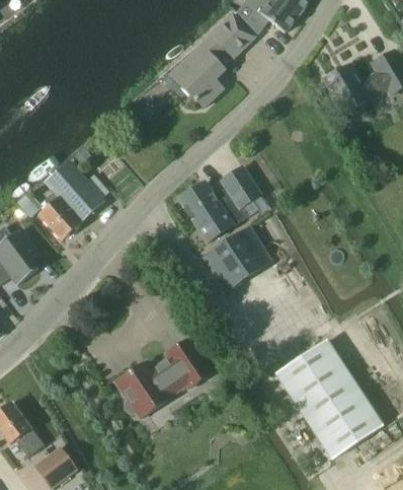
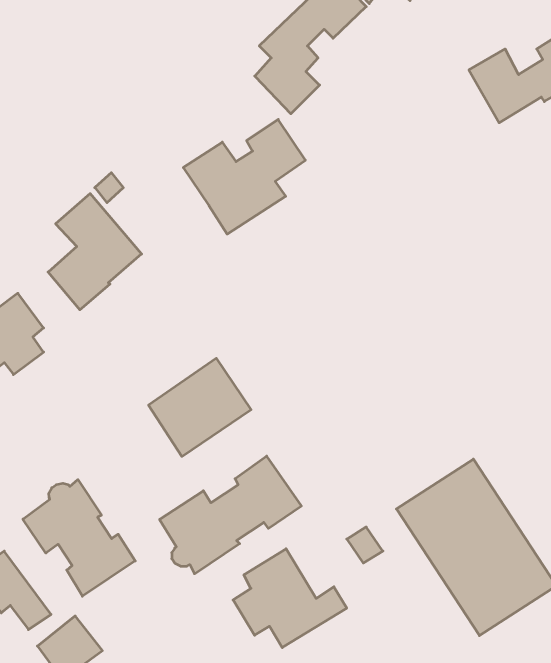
building: [177,165,259,242] -> [183,119,305,234]
building: [203,224,271,290] -> [149,358,251,456]
building: none -> [23,480,135,596]
building: none -> [233,549,347,648]

